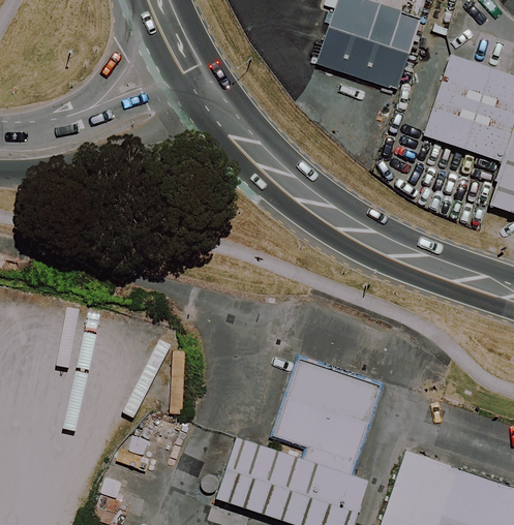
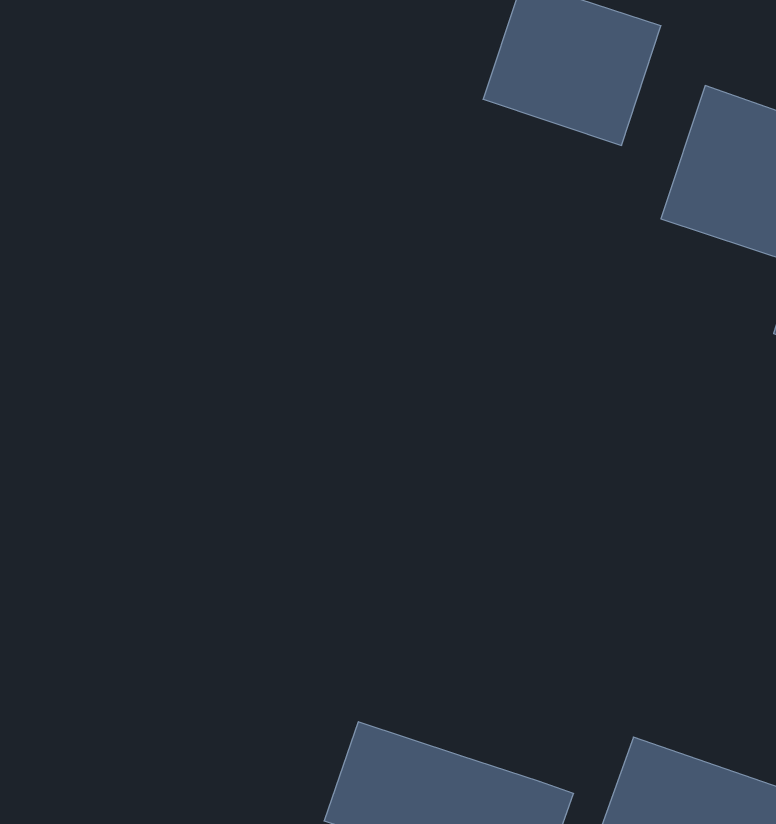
building: [275,361,380,476] -> none

